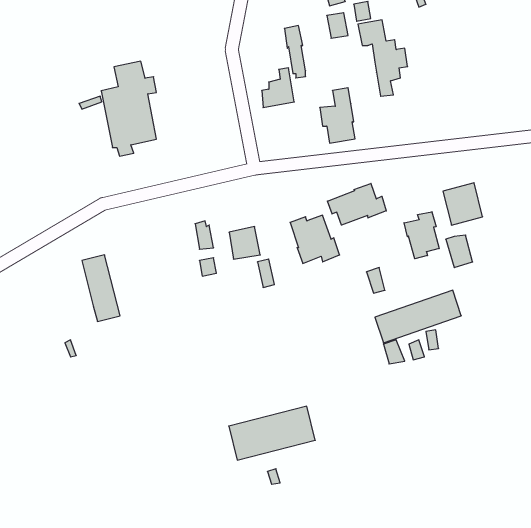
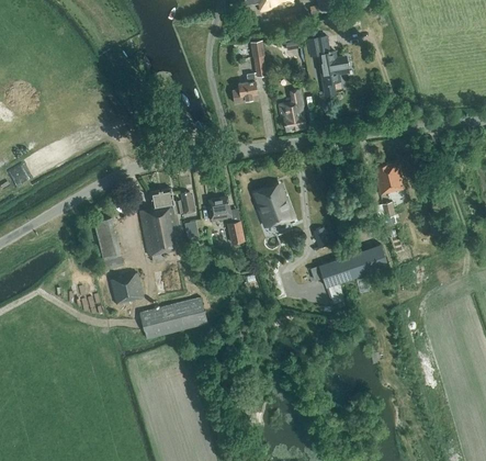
building: [101,61,156,156] -> [139,188,182,261]
building: [327,183,386,225] -> none
building: [404,212,439,259] -> none
building: none -> [111,272,143,303]
building: [229,406,315,460] -> [140,296,207,338]

